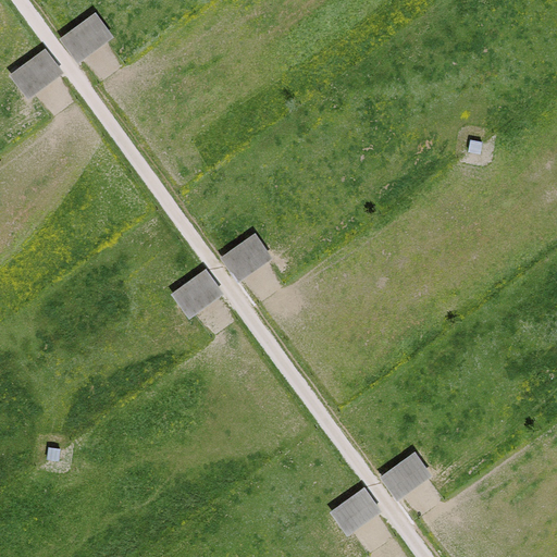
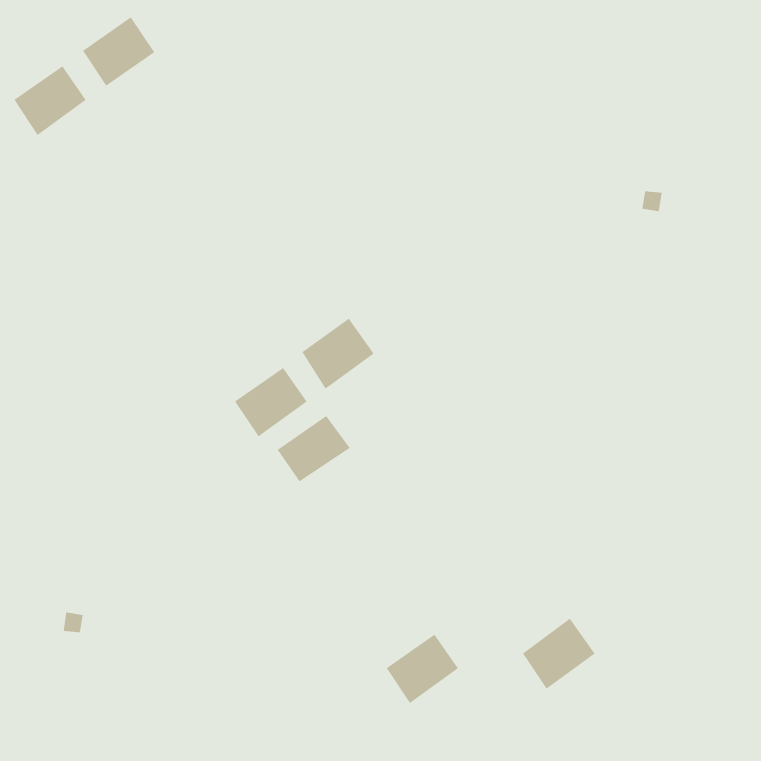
building: none -> [277,415,350,482]
building: [329,486,382,537] -> [386,634,459,704]

